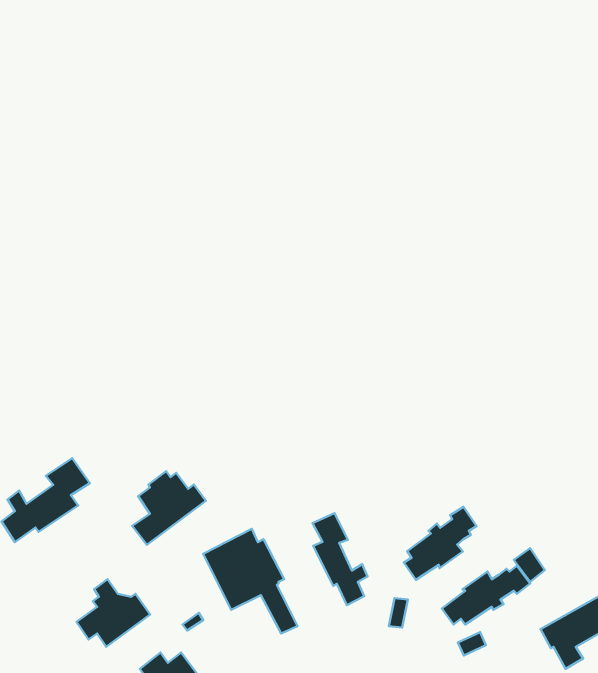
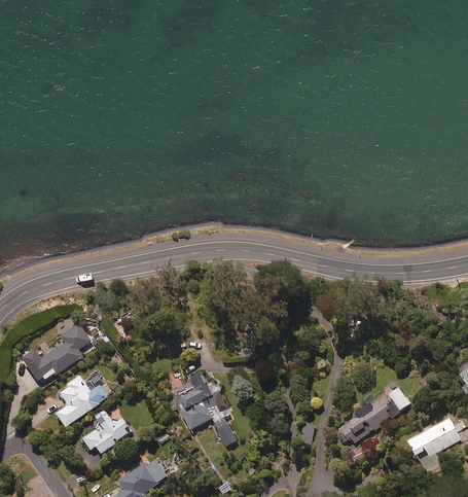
building: [132,471,206,545] -> [57,376,108,427]
building: [404,507,477,580] -> none
building: [312,513,368,605] -> none

